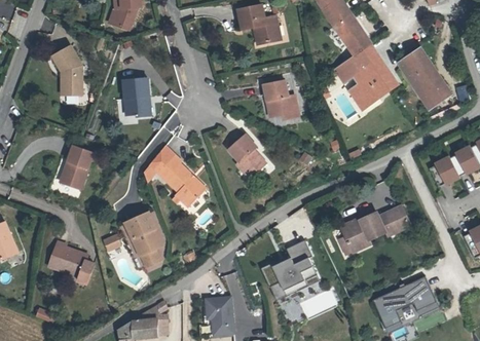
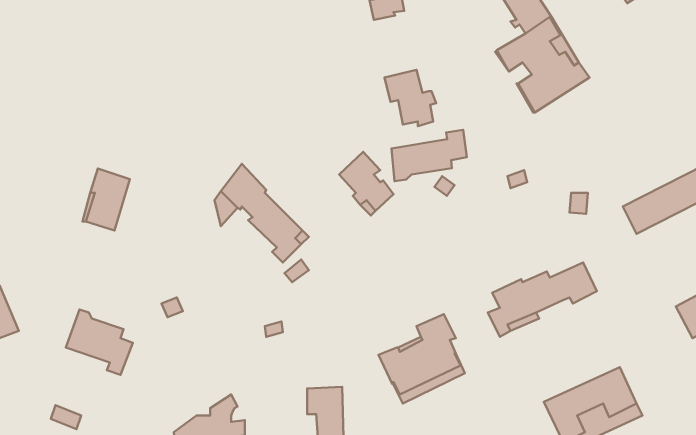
building: [49,43,80,91] -> none
building: [407,46,453,103] -> none
building: [122,79,148,119] -> none
building: none -> [391,130,467,181]
building: [128,211,161,266] -> none

